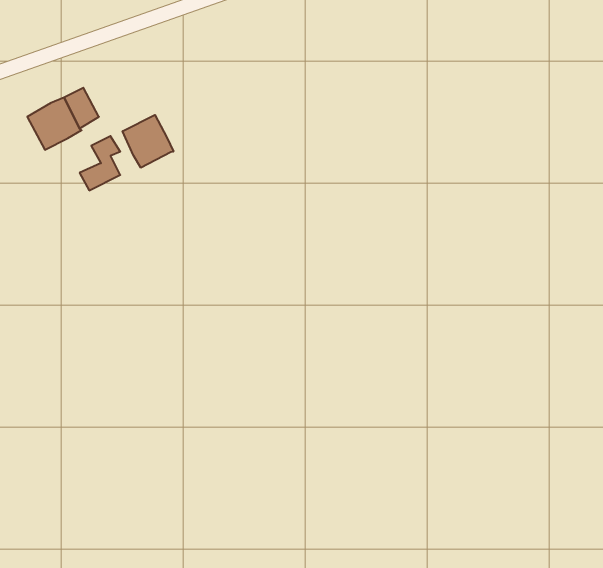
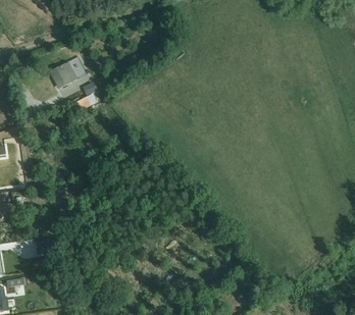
building: [123,115,173,168] -> none

